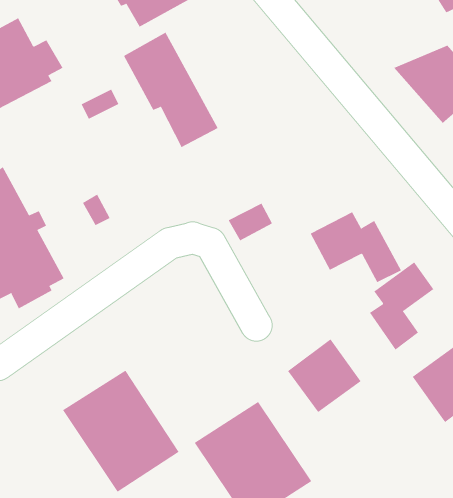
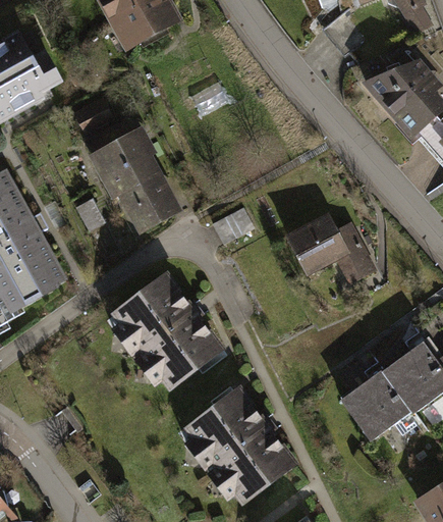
building: [123,32,218,148] -> [89,120,177,228]
building: [369,262,434,351] -> none
building: [287,338,362,413] -> [344,370,413,439]
building: [62,370,180,493] -> [107,274,216,388]

